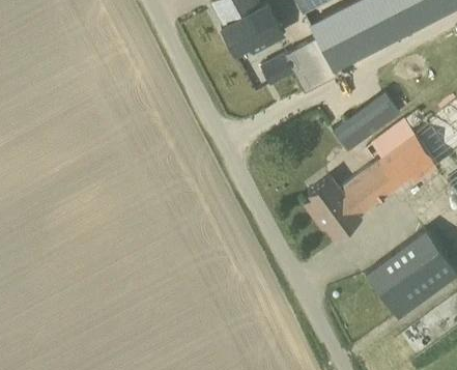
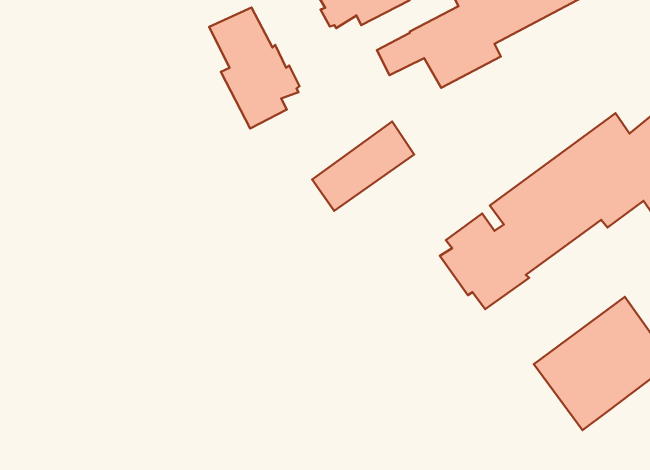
building: none -> [209,7,299,129]
building: [335,93,402,152] -> [312,121,414,211]

